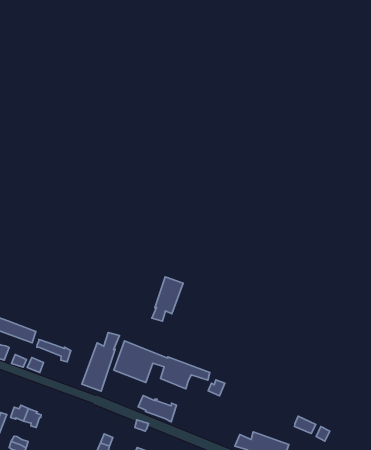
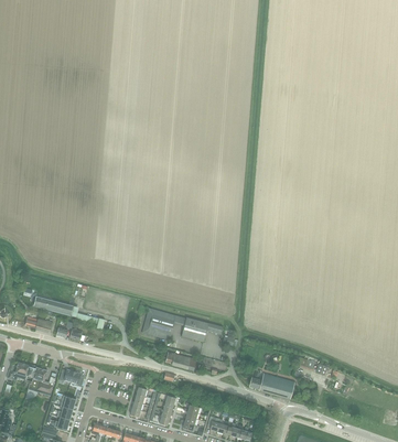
building: [152,277,183,321] -> none
building: [82,332,119,391] -> none

